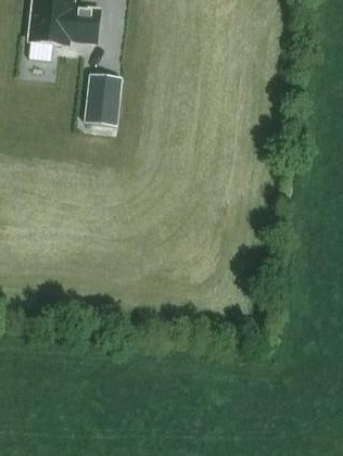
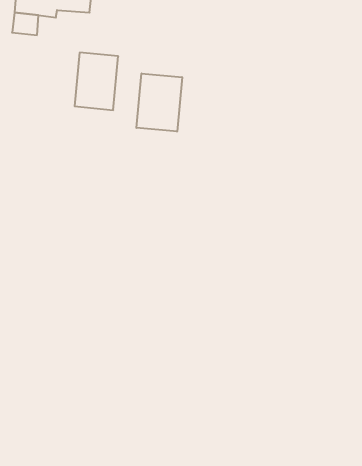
building: none -> [136,73,182,132]

